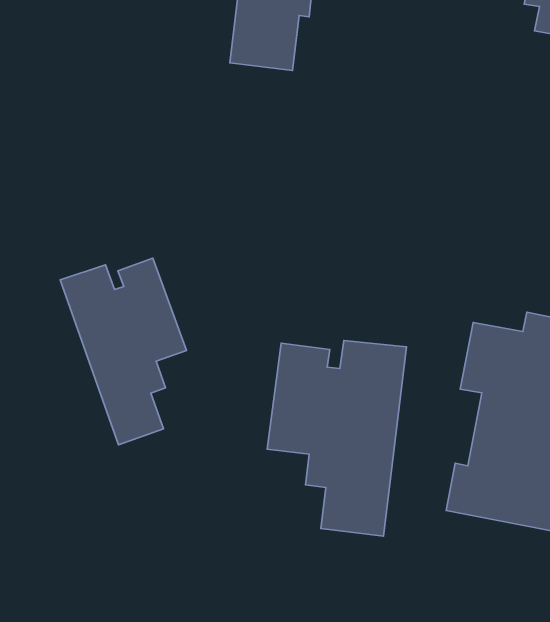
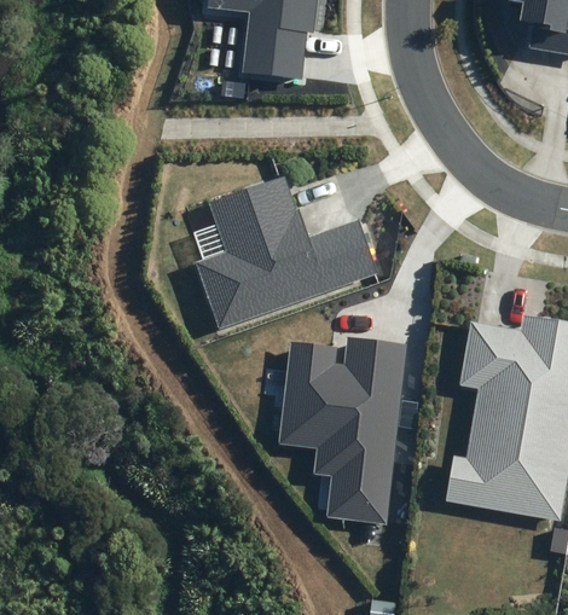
building: none -> [191,174,376,330]
building: [60,258,186,445] -> none

